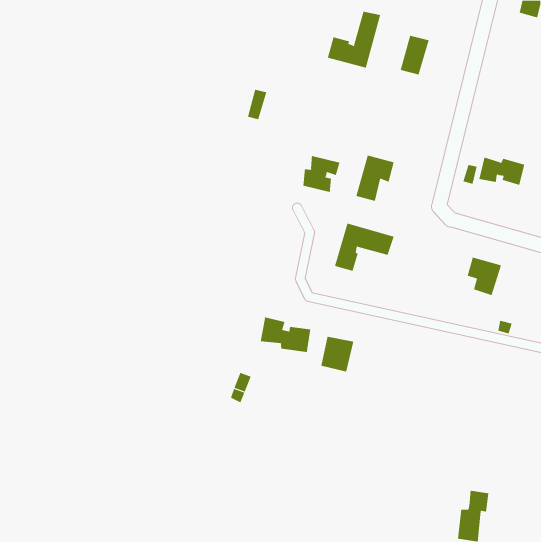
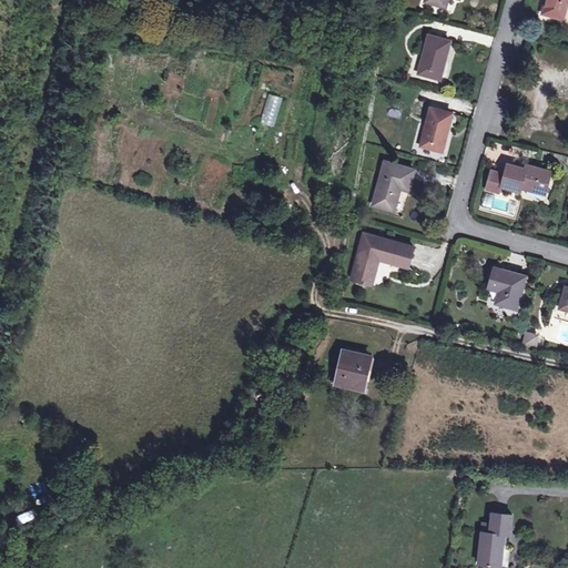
building: [327,11,381,68] -> none
building: none -> [419,108,450,151]
building: [303,155,340,193] -> none
building: [260,317,311,353] -> none

